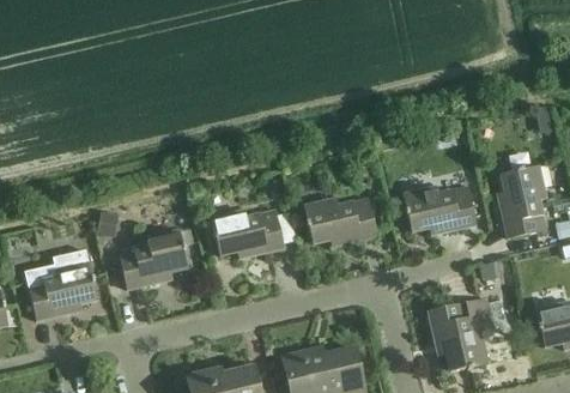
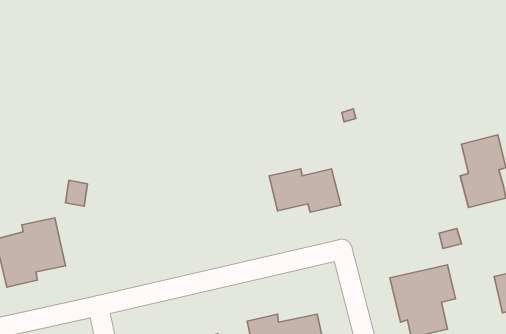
building: [404,187,477,231] -> none
building: [212,210,284,254] -> none
building: [119,229,188,289] -> none

